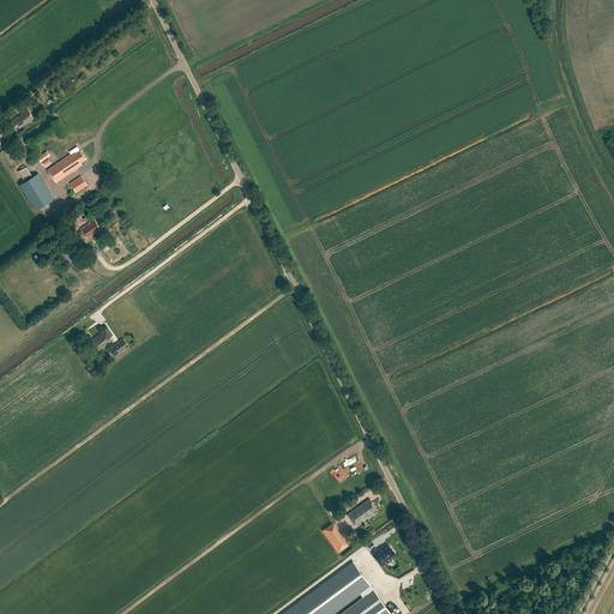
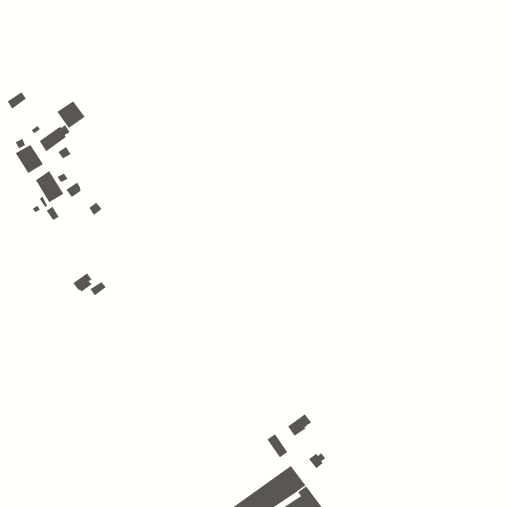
building: none -> [57,101,86,129]
building: none -> [35,170,64,203]

